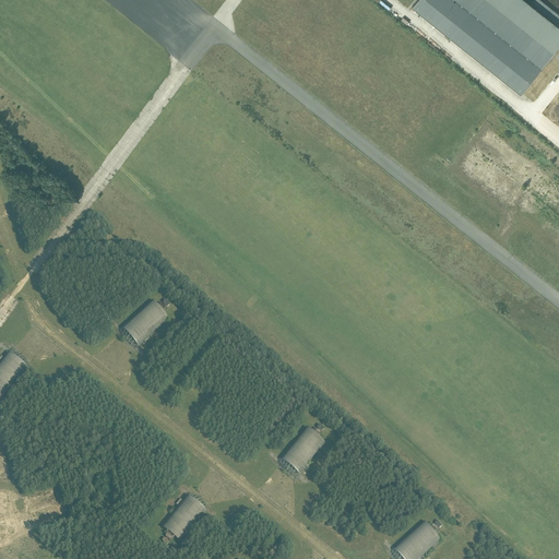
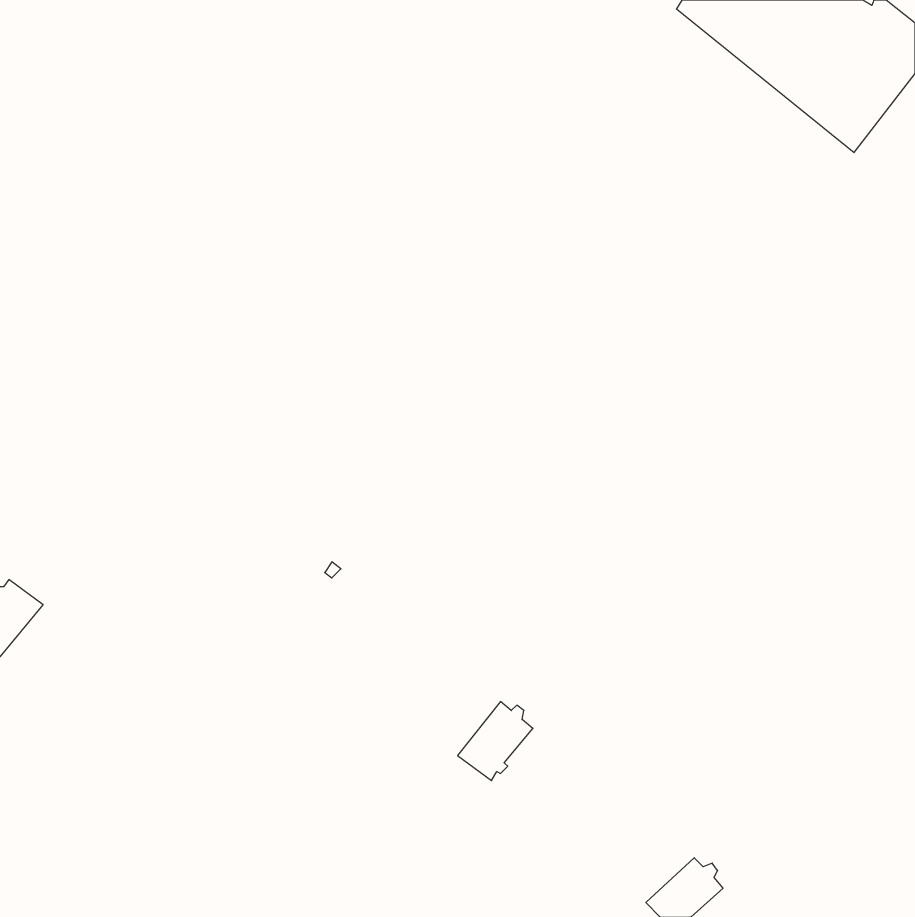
building: [120,300,167,347] -> none
building: [159,496,205,543] -> none

